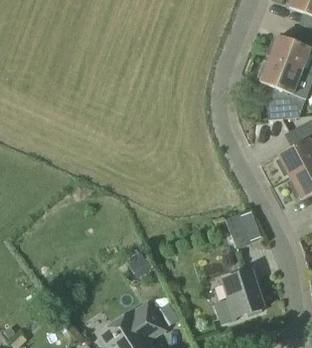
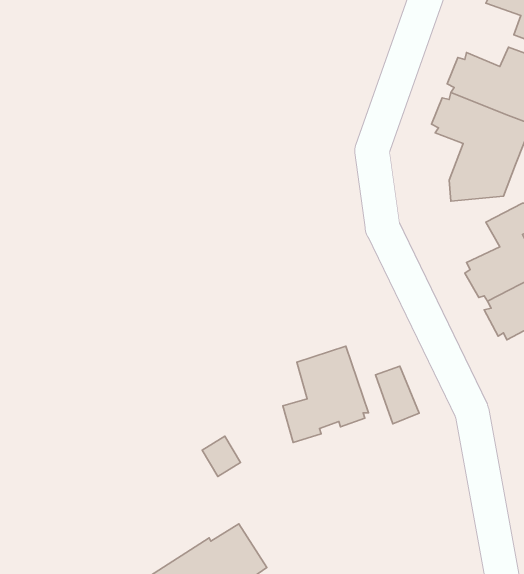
building: [215,269,264,324] -> [283,346,368,443]

